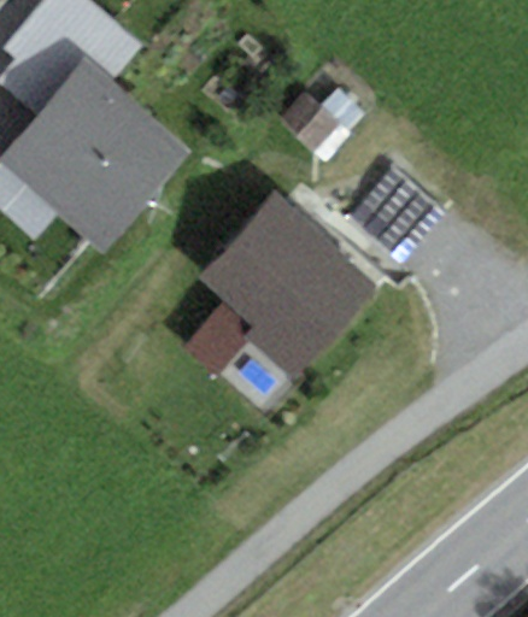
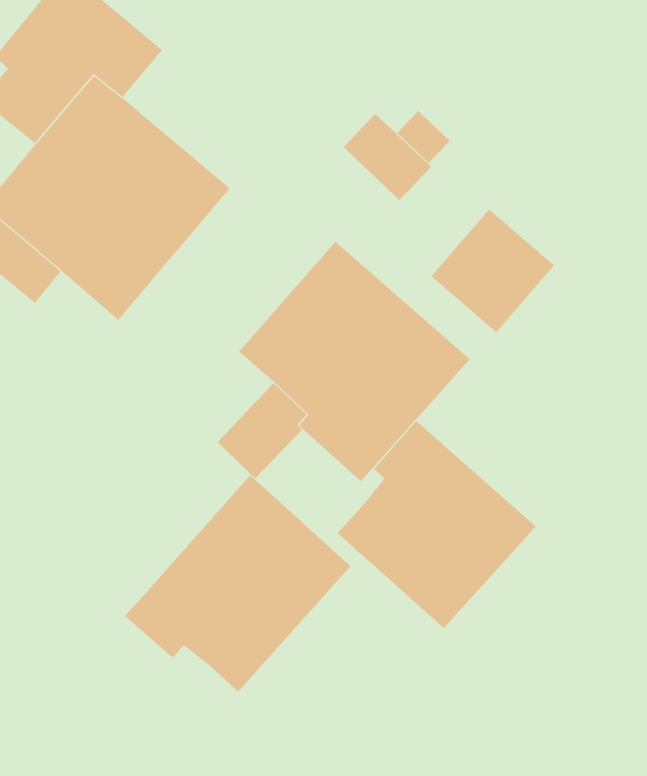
building: none -> [337,420,536,629]
building: none -> [124,474,351,692]

